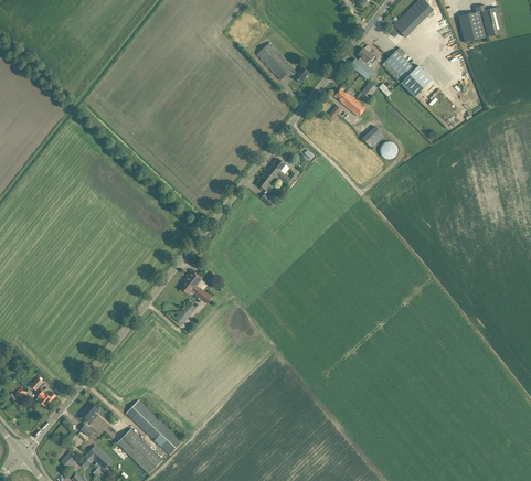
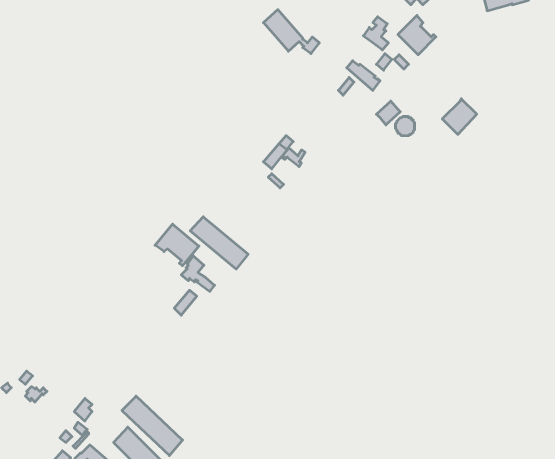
building: [401,64,433,97] -> [442,99,477,134]
building: none -> [190,217,248,269]
building: none -> [155,224,199,266]

